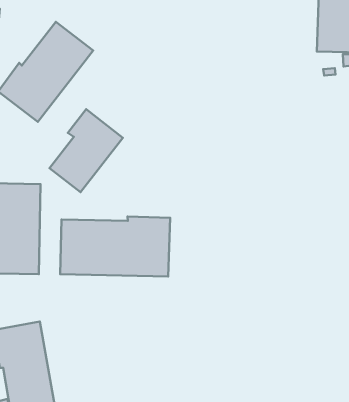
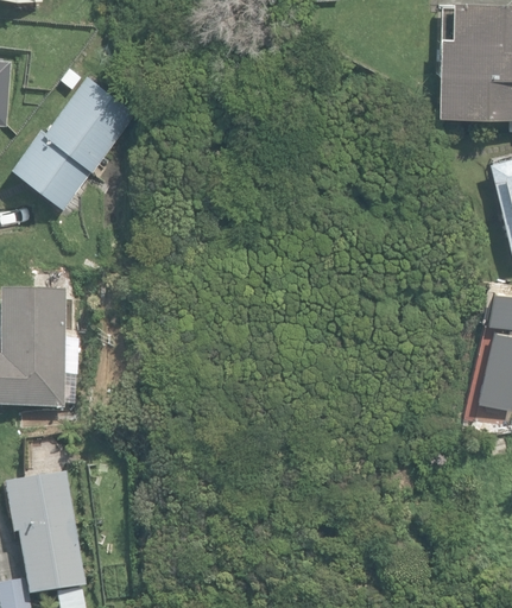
building: [49,109,123,192] -> none
building: [60,216,170,276] -> none

